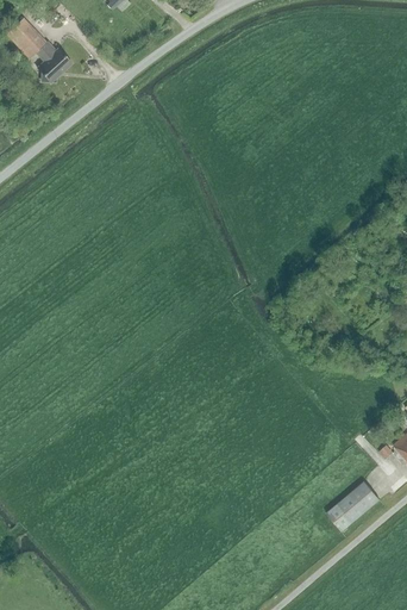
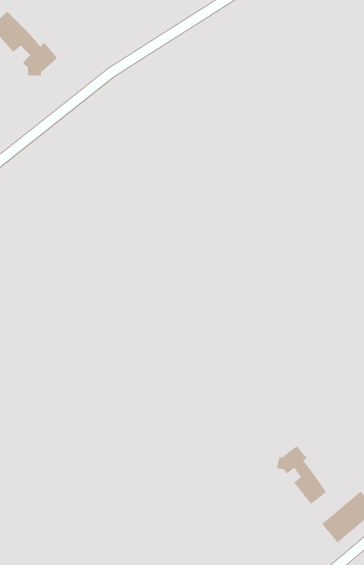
building: none -> [276,445,327,505]

